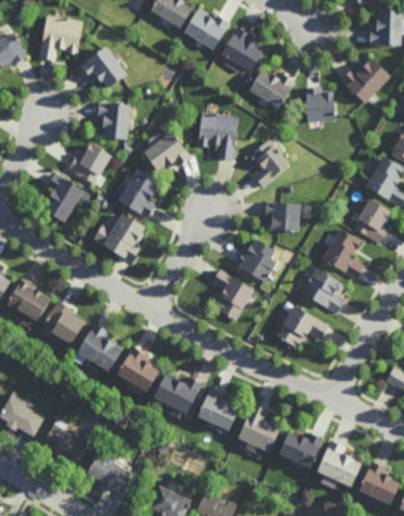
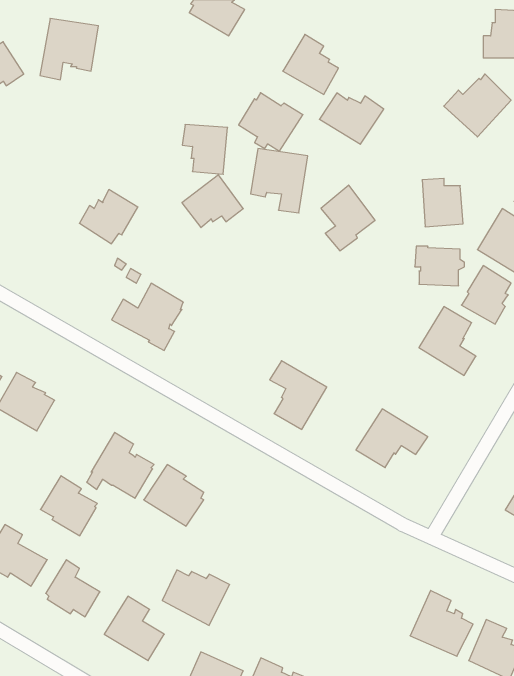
building: [182,7,230,50] -> [239,93,303,151]
building: [81,45,127,87] -> none
building: [304,86,334,122] -> [422,178,463,227]
building: [97,101,131,138] -> [182,125,228,174]
building: [119,168,160,217] -> none
building: [44,172,84,221] -> none
building: [265,201,302,231] -> [415,246,464,286]
building: [235,238,277,282] -> none
building: [302,268,344,314] -> none
building: [42,299,85,344] -> [40,476,97,536]
building: [154,373,204,415] -> [162,570,230,625]
building: [197,388,236,432] -> none
building: [236,404,280,454] -> none
building: [277,432,322,470] -> none

